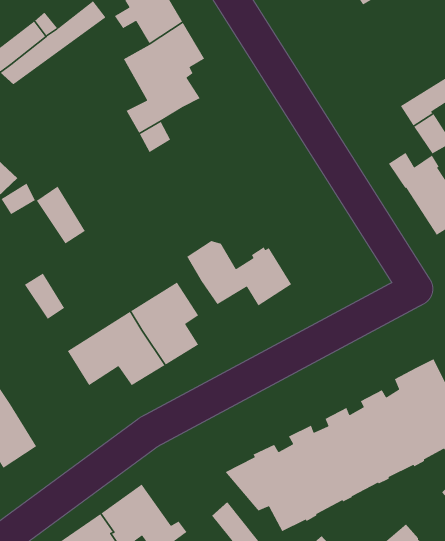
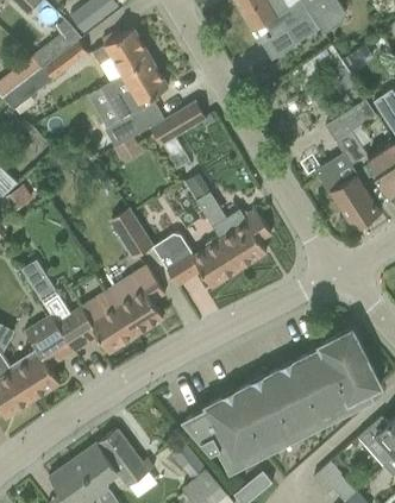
building: none -> [150,100,206,145]
building: [36,186,86,245] -> [111,209,151,257]
building: none -> [195,191,270,269]
building: none -> [11,314,74,400]

